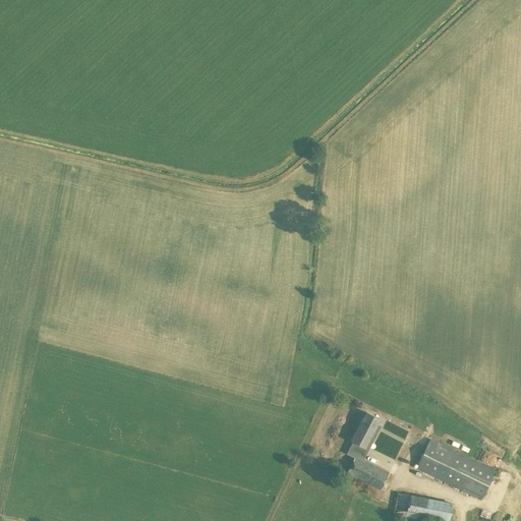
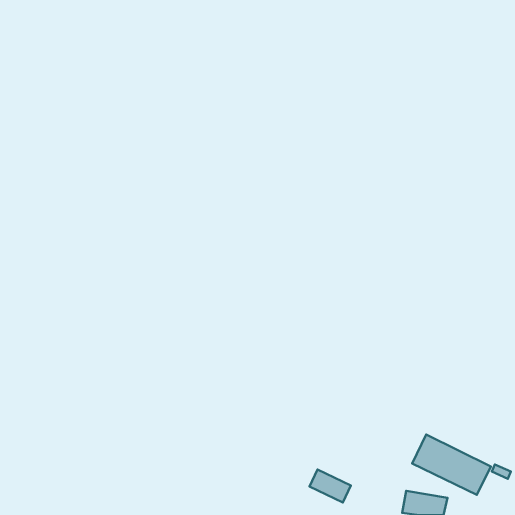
building: [351,412,380,448] -> none
building: [347,456,389,489] -> [310,469,351,503]

